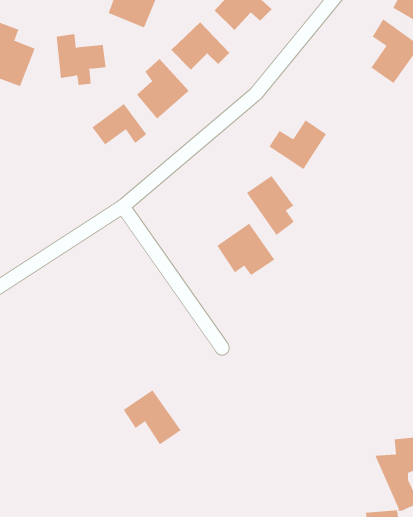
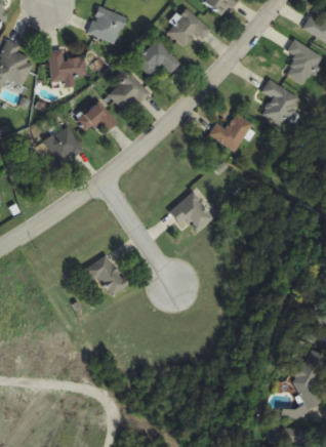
building: none -> [260,78,300,127]
building: none -> [40,125,82,165]
building: [246,175,295,236] -> none
building: [123,389,181,445] -> [83,253,127,295]

